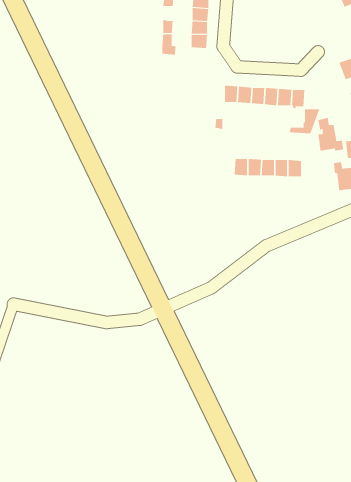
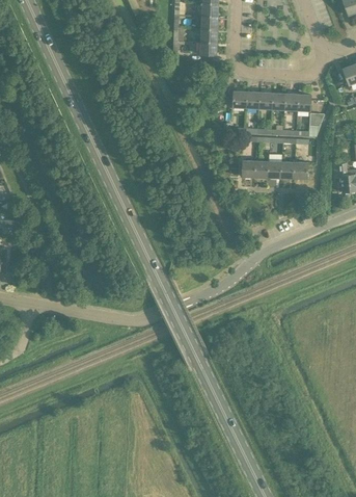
building: [318,117,344,152] -> none

